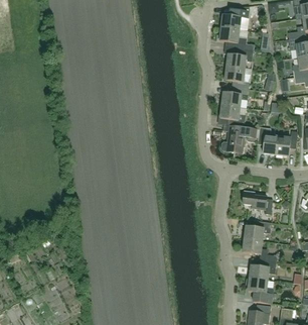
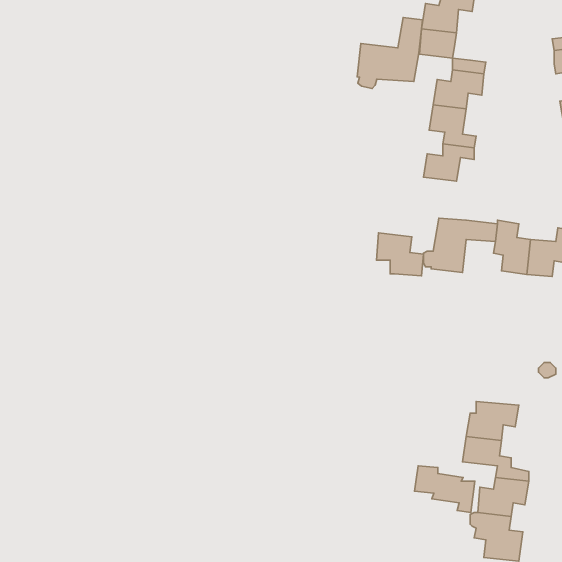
building: none -> [357,17,422,89]
building: [220,104,245,126] -> [377,233,423,276]
building: [242,191,273,215] -> [414,466,475,513]

